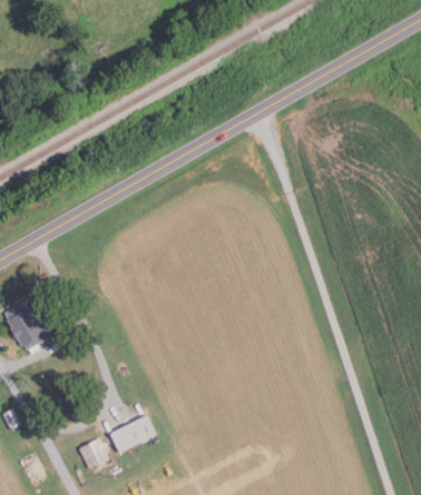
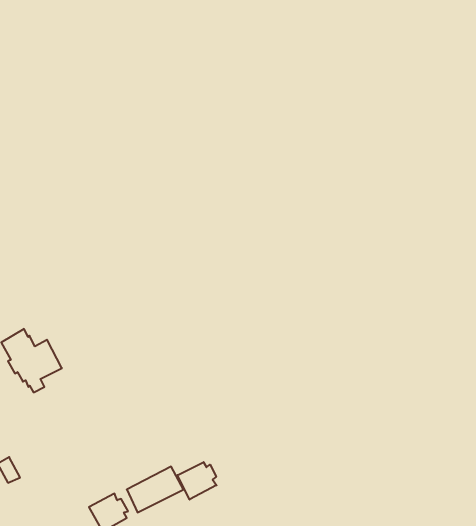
building: none -> [177,462,217,500]

